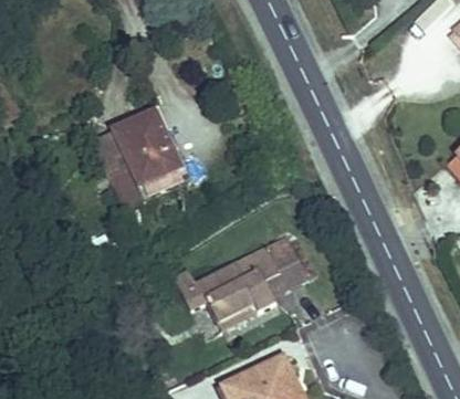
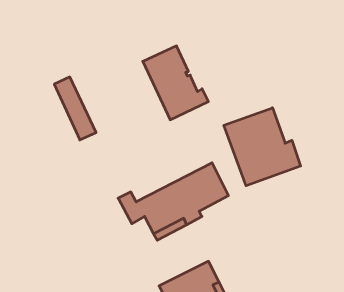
building: [113,109,192,199] -> [143,46,208,120]
building: none -> [224,108,301,186]

